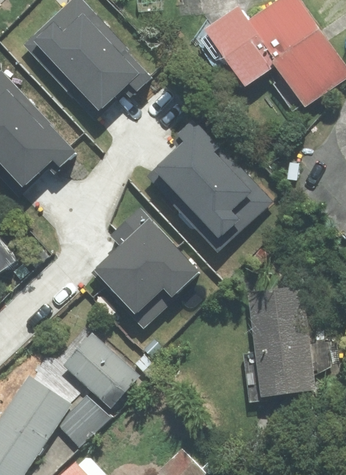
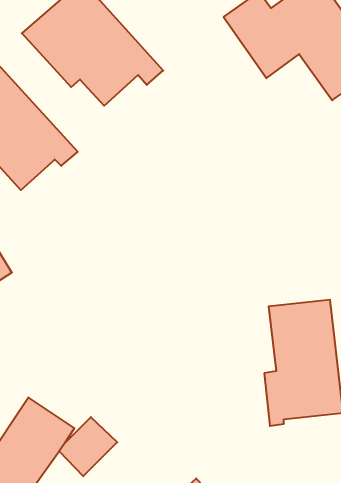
building: [147,119,272,251] -> none
building: [93,209,202,327] -> none
building: [64,333,140,407] -> none

